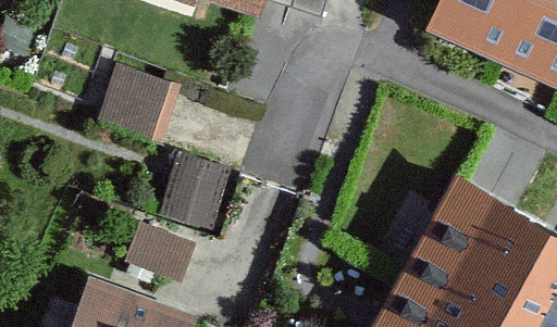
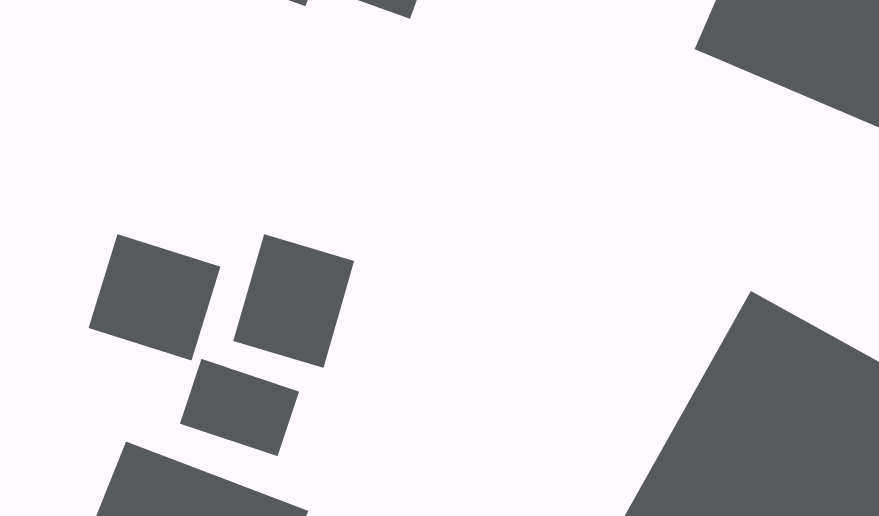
building: [91,61,171,137] -> [87,233,222,362]

